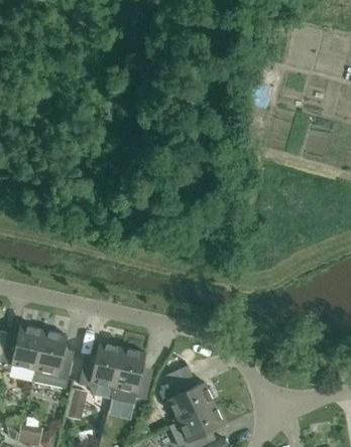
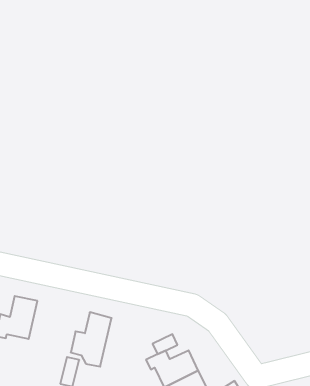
building: [32,330,72,390] -> none
building: [110,348,150,405] -> none

